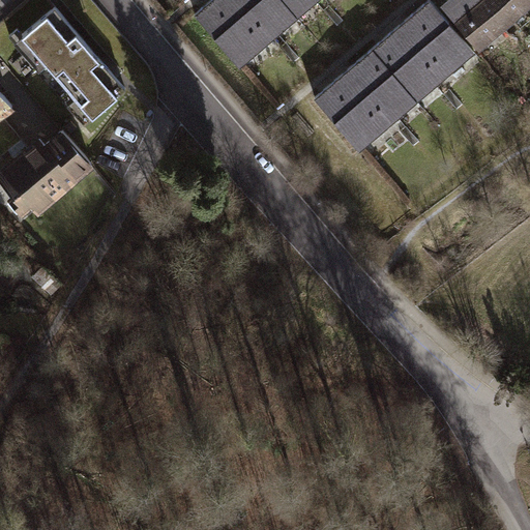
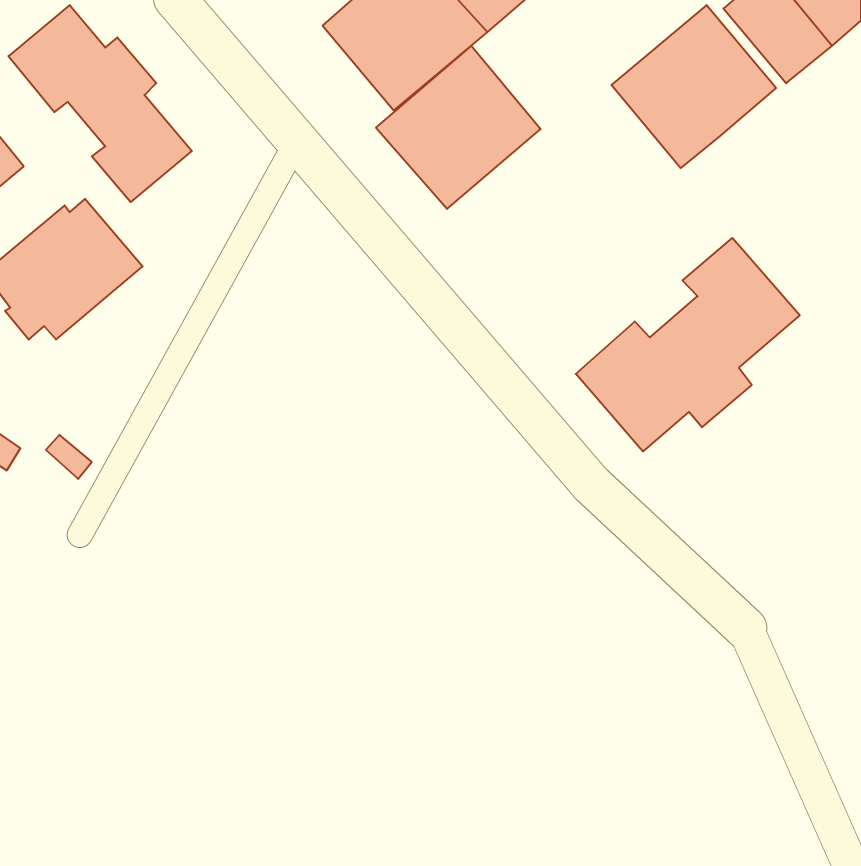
building: [315,52,415,151] -> [376,46,541,209]
building: none -> [576,238,800,451]

